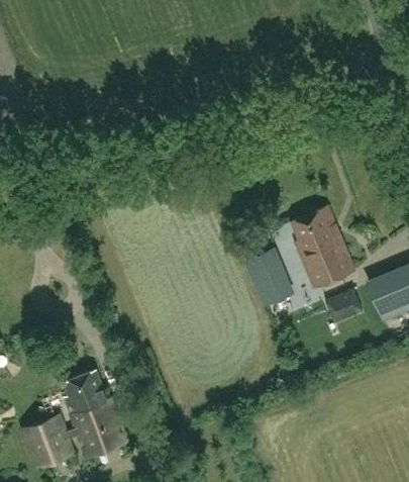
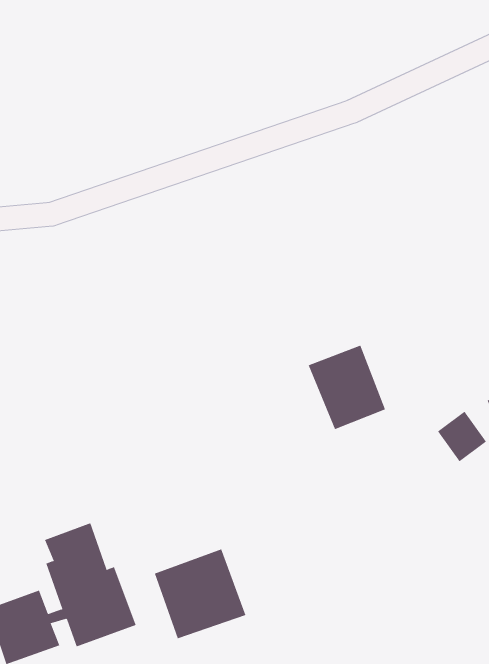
building: [291,206,353,288] -> none
building: none -> [154,548,246,639]

